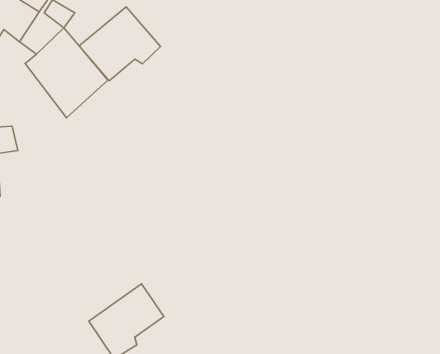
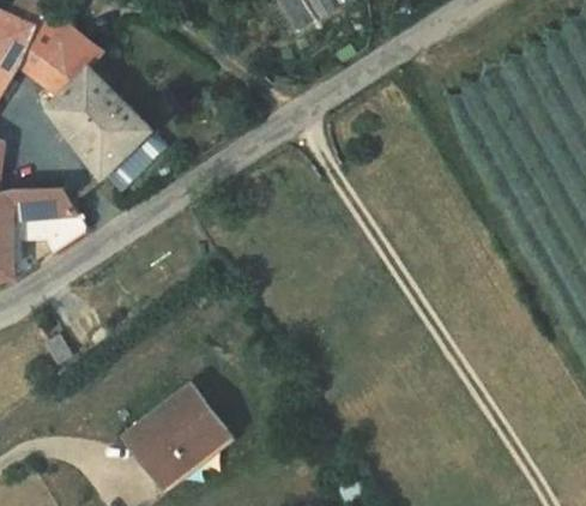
building: [79,7,160,81] -> none
building: none -> [29,191,85,243]

